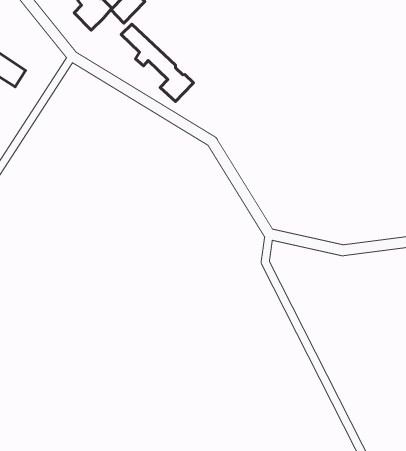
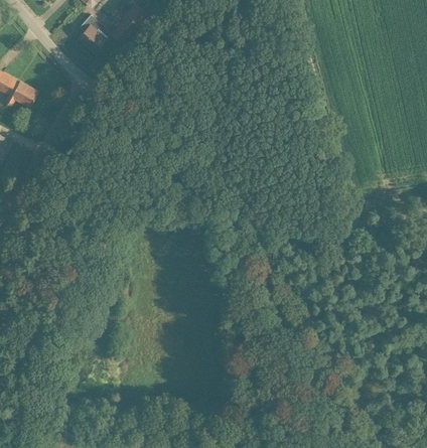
building: [121,24,193,101] -> none

